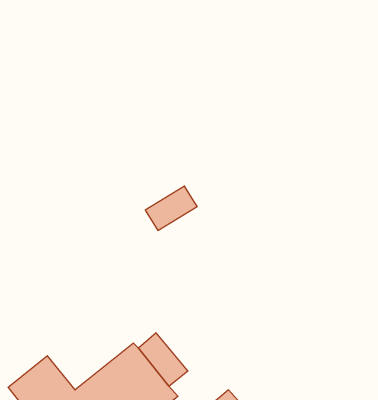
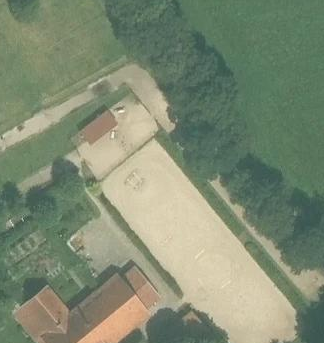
building: [145,186,197,230] -> [79,108,120,143]

